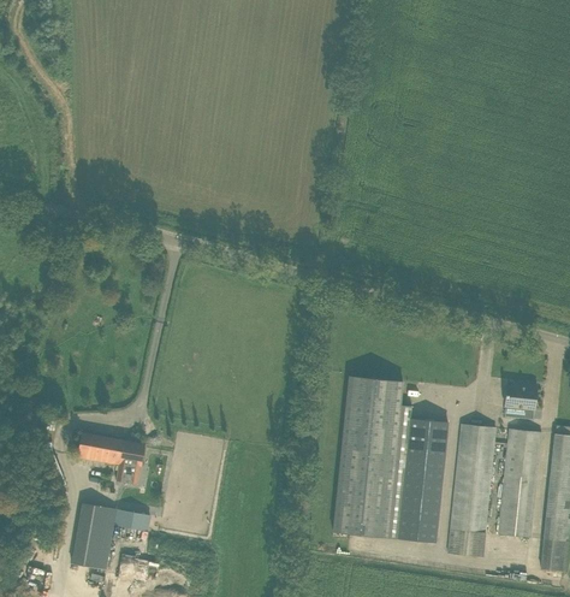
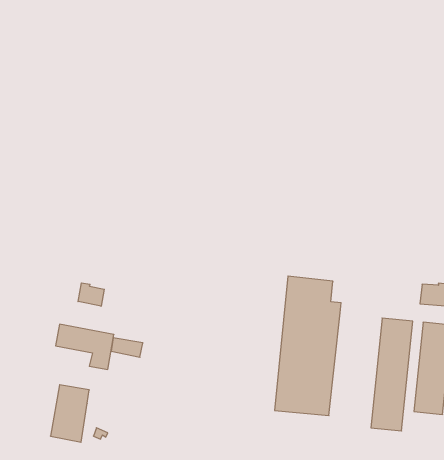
building: none -> [78,283,104,306]
building: [397,418,447,542] -> none
building: [113,508,150,531] -> [111,338,143,357]

